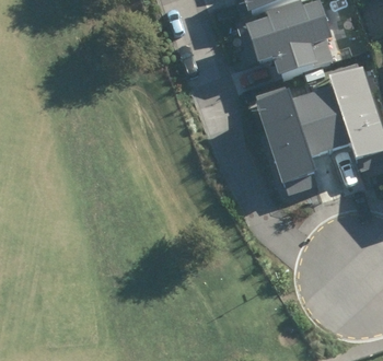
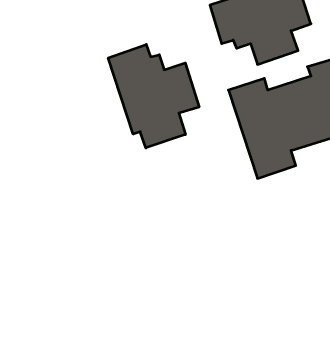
building: none -> [108,44,199,148]

